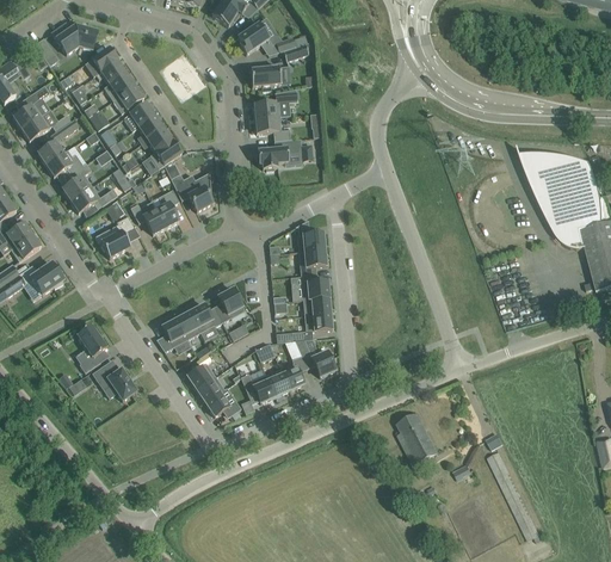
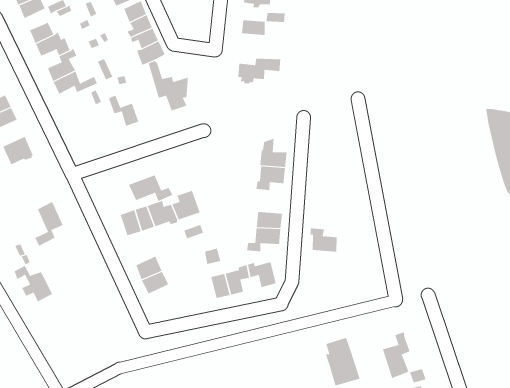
building: [255,116,292,141] -> none
building: [154,189,179,227] -> none
building: [94,215,135,258] -> none
building: [297,274,329,298] -> [310,228,337,252]
building: none -> [128,175,173,202]
building: [93,364,137,400] -> [14,265,53,302]
building: [242,373,276,402] -> none
building: [205,387,241,416] -> none
building: none -> [382,331,410,379]

